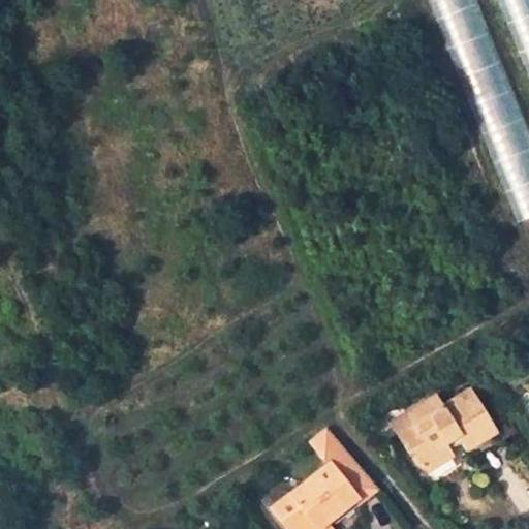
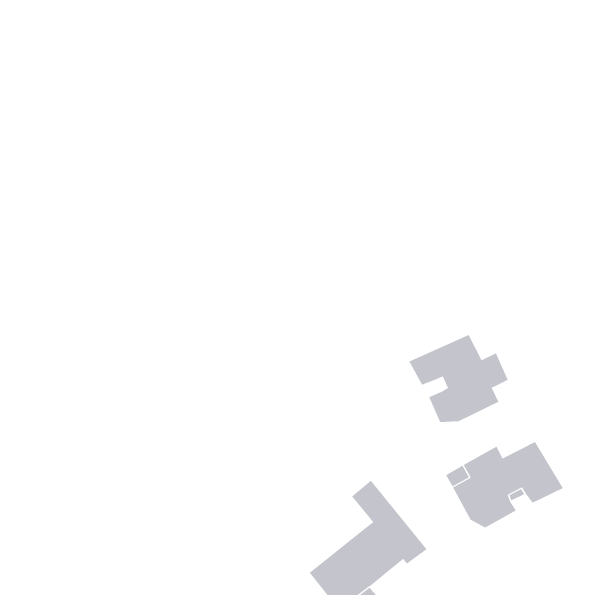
building: none -> [409,334,508,423]

